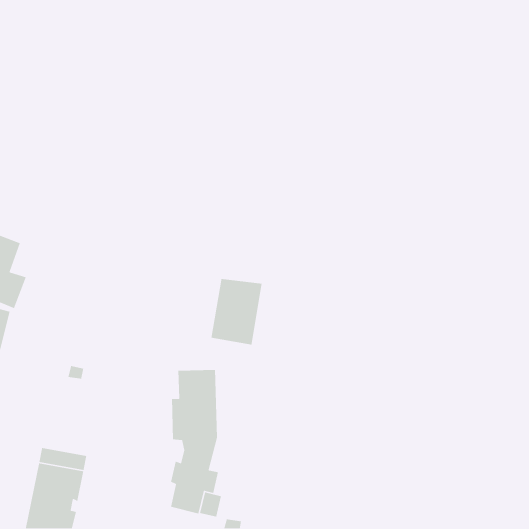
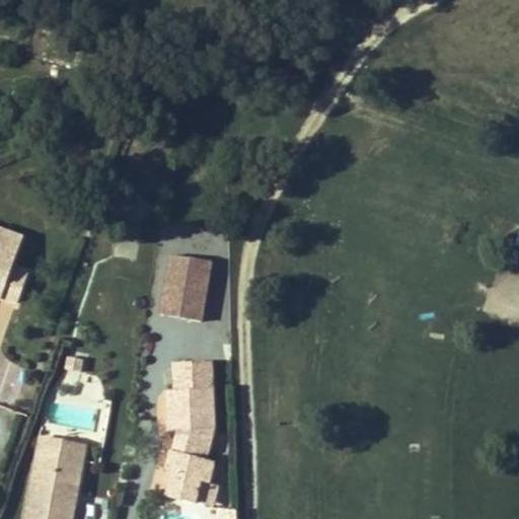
building: [211,278,262,345] -> [160,255,211,321]

